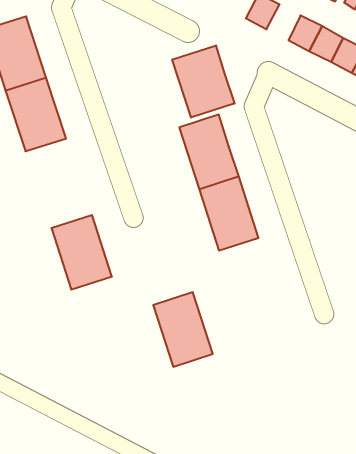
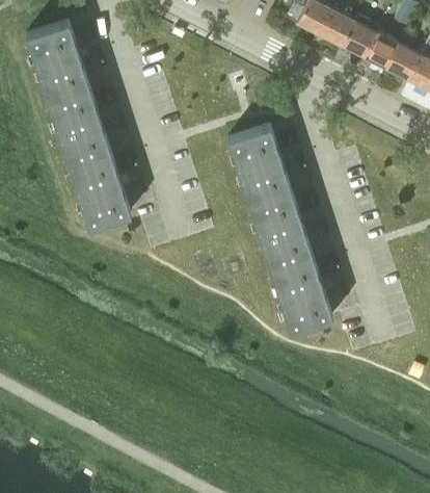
building: none -> [319,7,354,45]
building: [172,45,235,118] -> none
building: [51,215,112,290] -> [66,148,130,226]
building: [153,292,213,367] -> [269,252,331,330]

